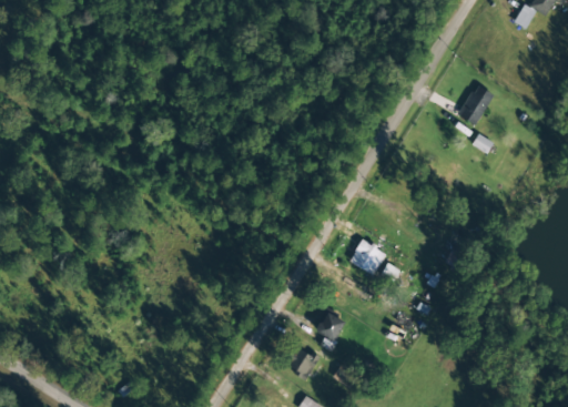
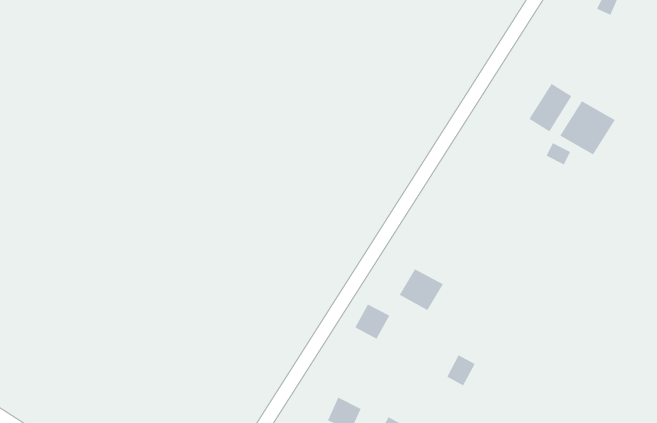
building: none -> [560,101,615,155]
building: [316,312,346,342] -> [354,304,390,339]

